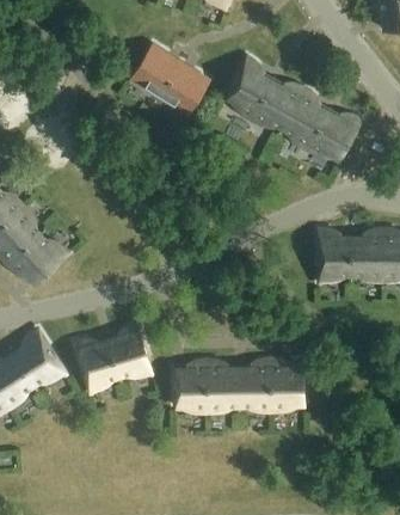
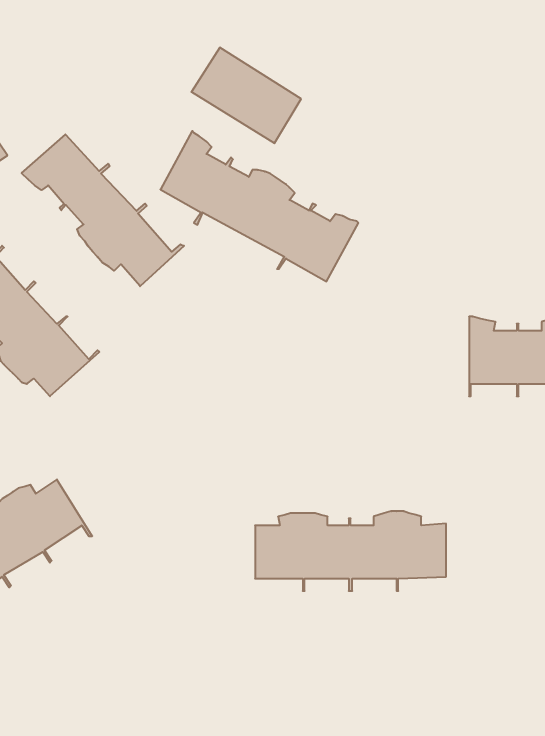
building: [227,60,361,161] -> [160,131,358,281]
building: none -> [22,134,184,286]
building: [75,324,153,394] -> none

